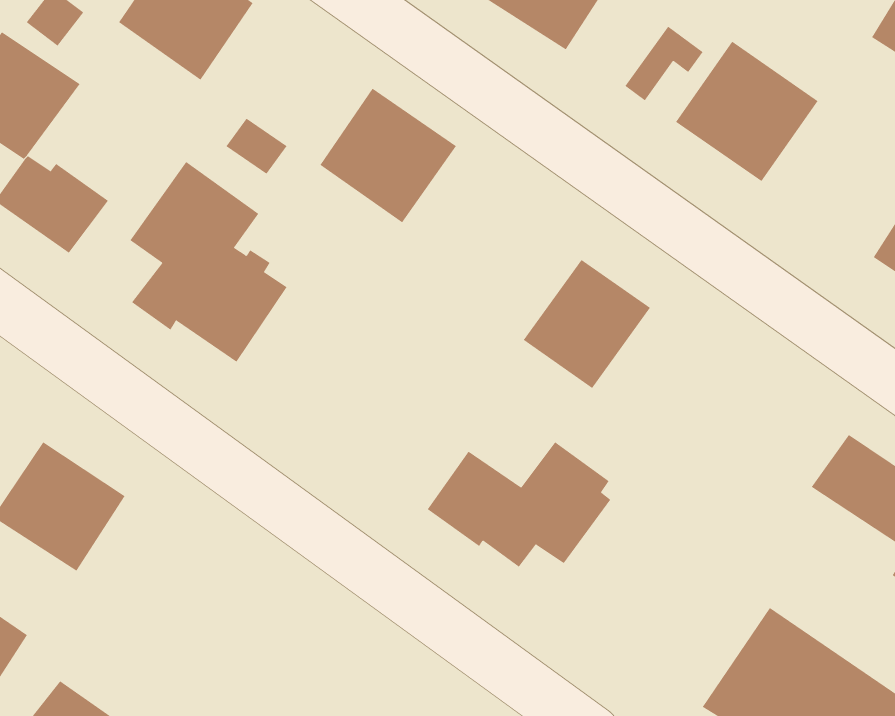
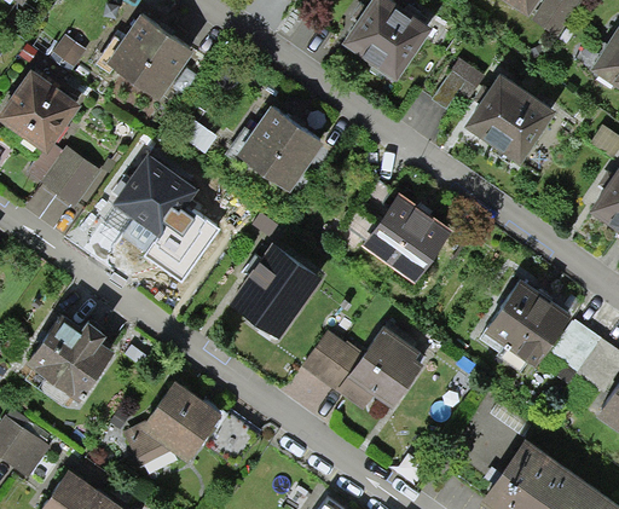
building: none -> [233,239,320,330]
building: none -> [478,276,572,369]
building: none -> [127,399,255,473]

